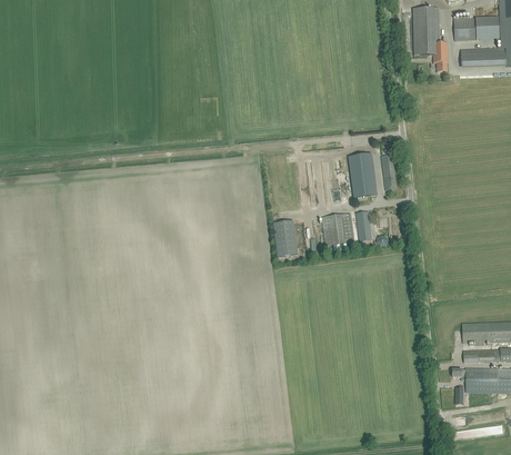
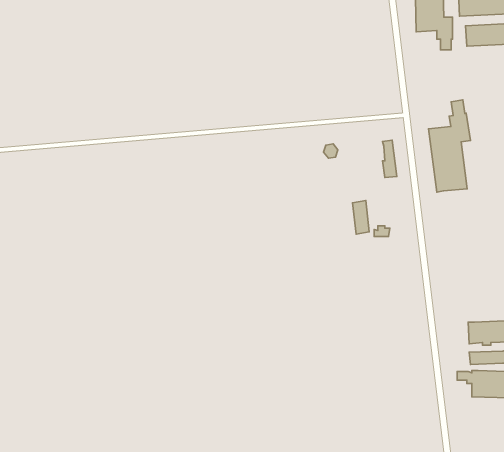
building: none -> [428,100,470,192]
building: [349,152,377,197] -> none
building: [321,212,354,246] -> none
building: [273,219,298,256] -> none

